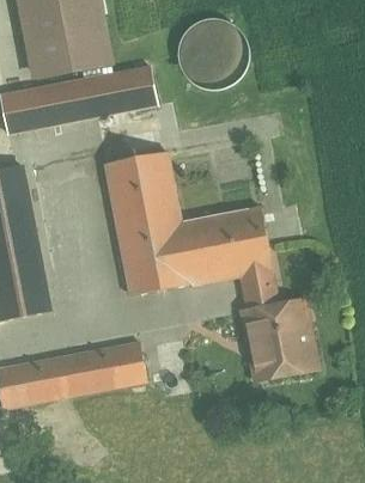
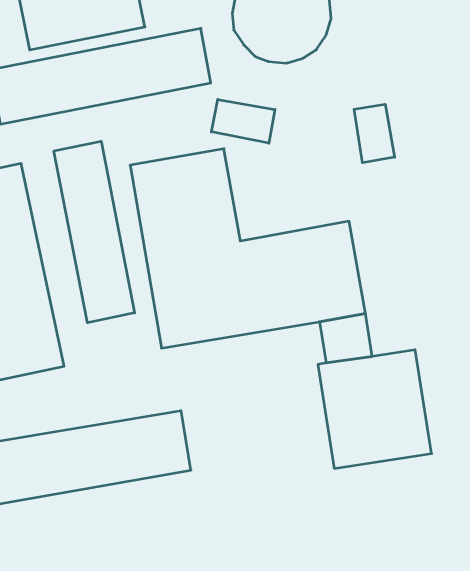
building: none -> [211,99,275,143]
building: none -> [354,104,395,163]
building: none -> [54,141,135,323]

